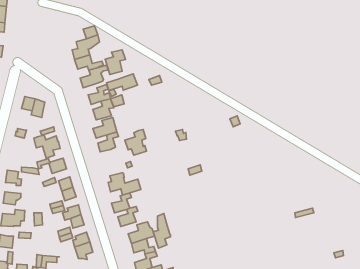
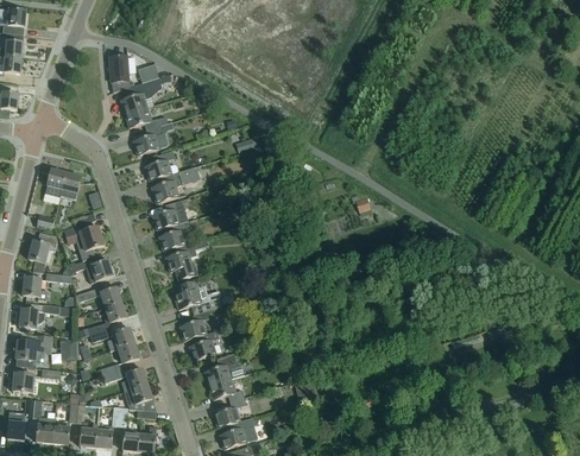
building: none -> [109,55,130,91]
building: [105,50,125,74] -> none
building: [107,74,137,91] -> none
building: [125,130,146,155] -> [165,241,197,279]
building: none -> [29,232,58,262]
building: [153,213,171,248] -> none

